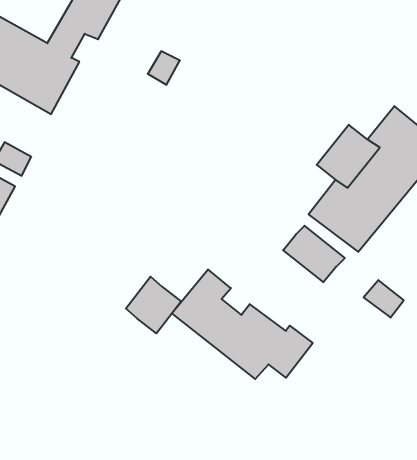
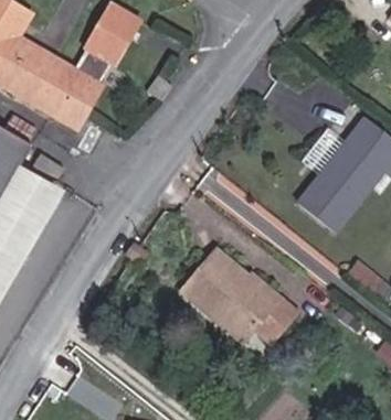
building: [283,226,345,282] -> none
building: [126,277,181,333] -> none

